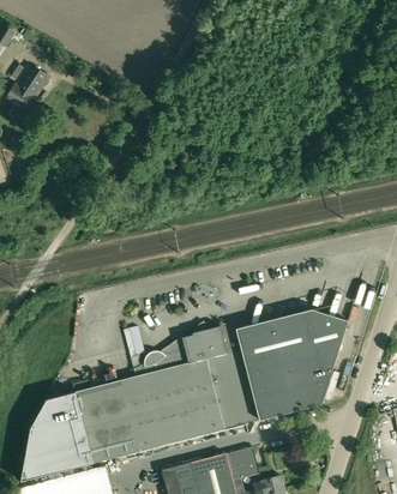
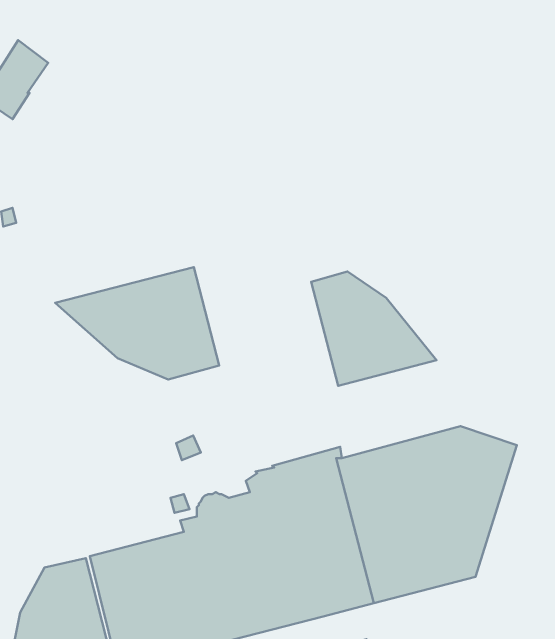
building: none -> [55,267,219,380]
building: none -> [311,272,437,386]

